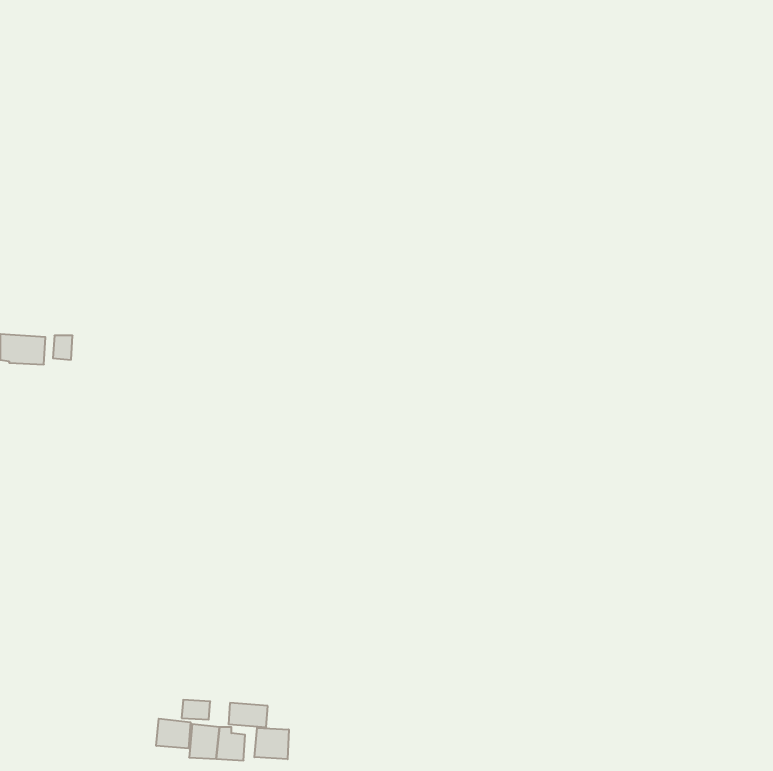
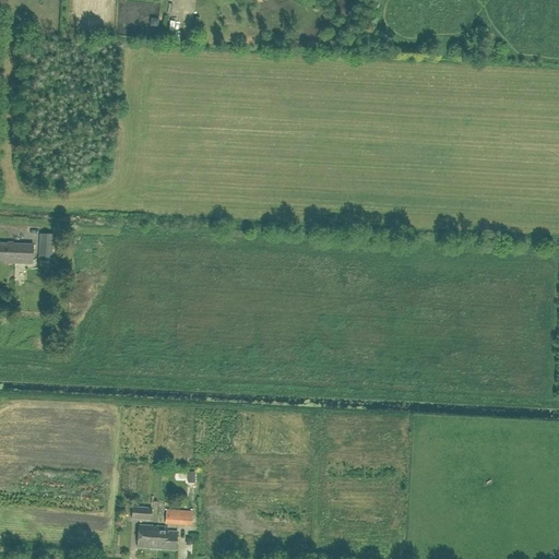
building: [156,719,191,748] -> none
building: [254,728,289,759] -> none

